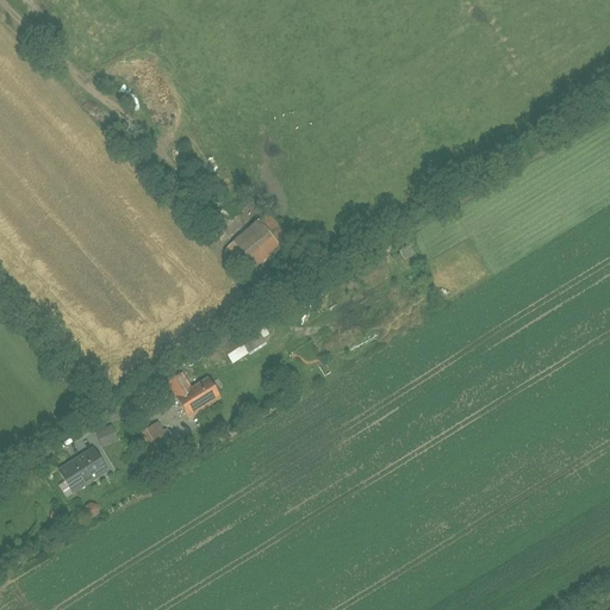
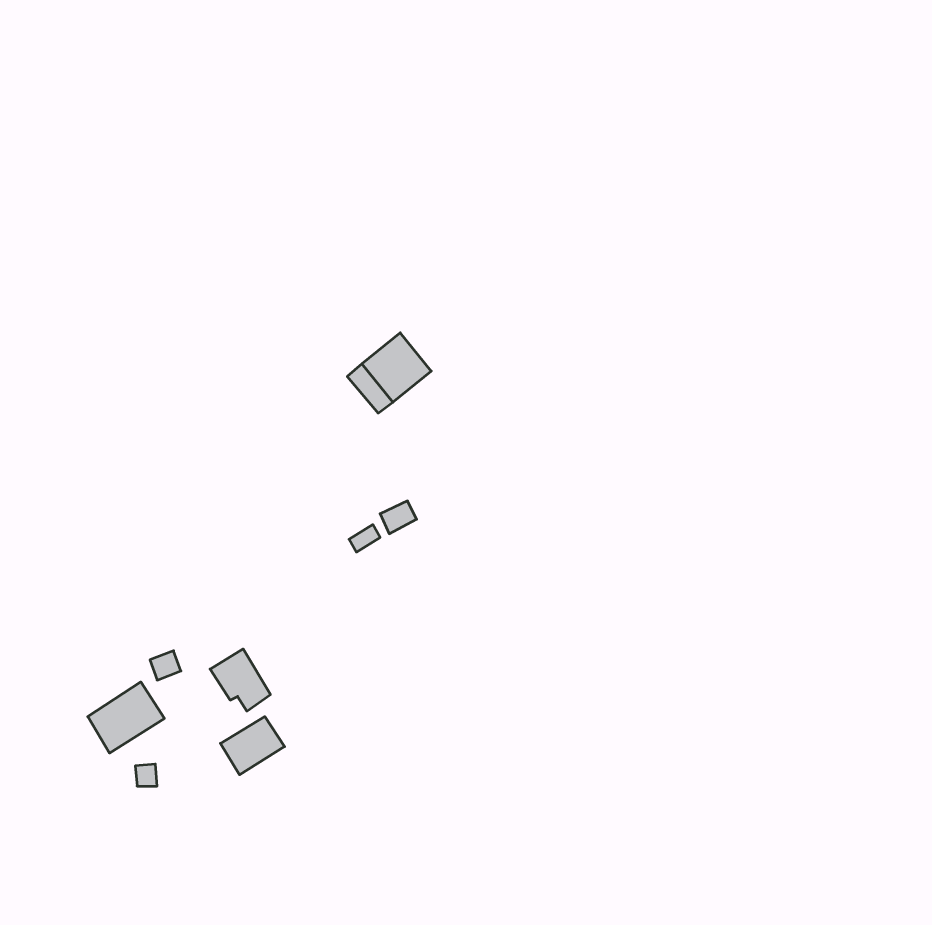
building: [169,372,220,413] -> none
building: none -> [220,717,285,775]

